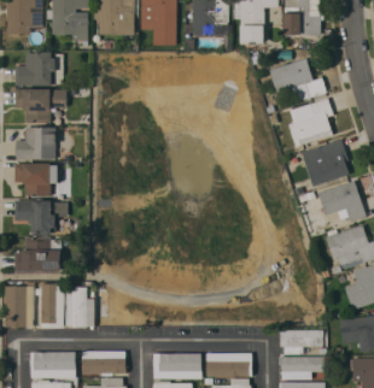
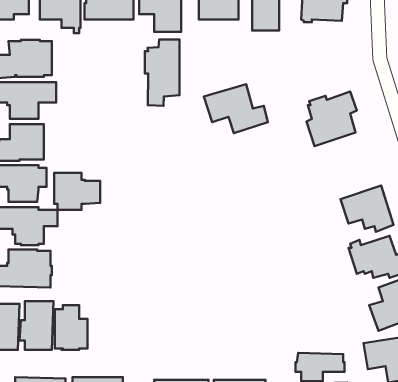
building: none -> [145,40,179,106]
building: [269,58,326,101] -> [204,84,268,133]
building: [302,139,349,186] -> none
building: none -> [54,173,100,210]

